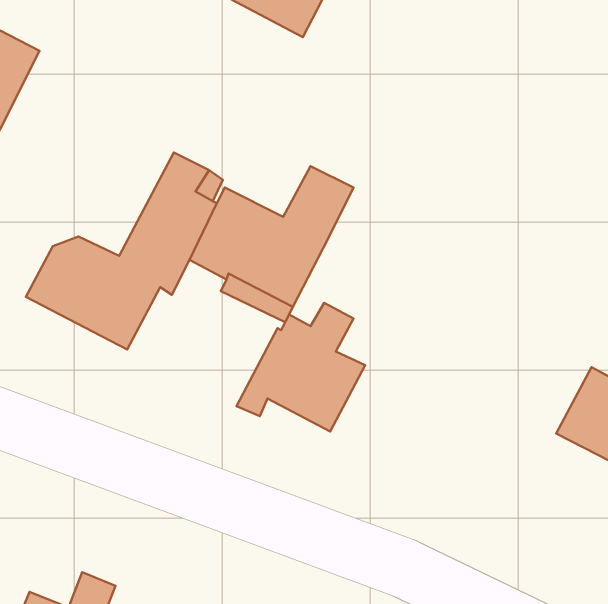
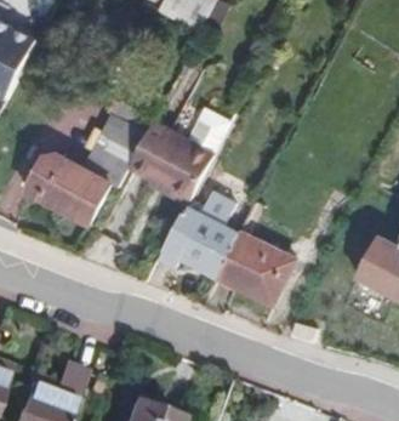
building: none -> [220,232,298,306]

